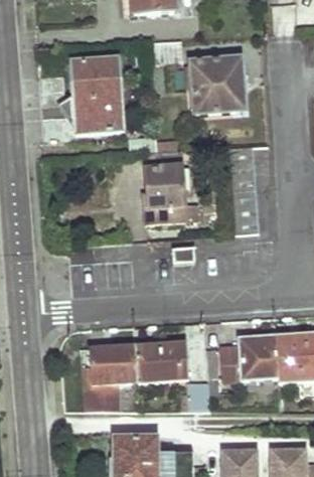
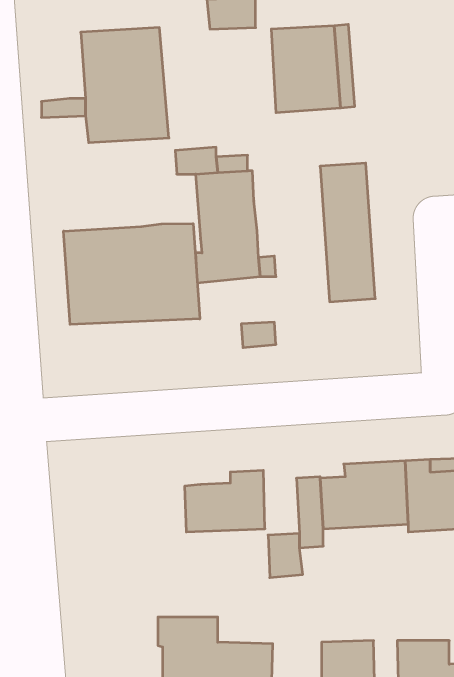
building: none -> [64,224,200,324]
building: [84,344,136,410] -> none

